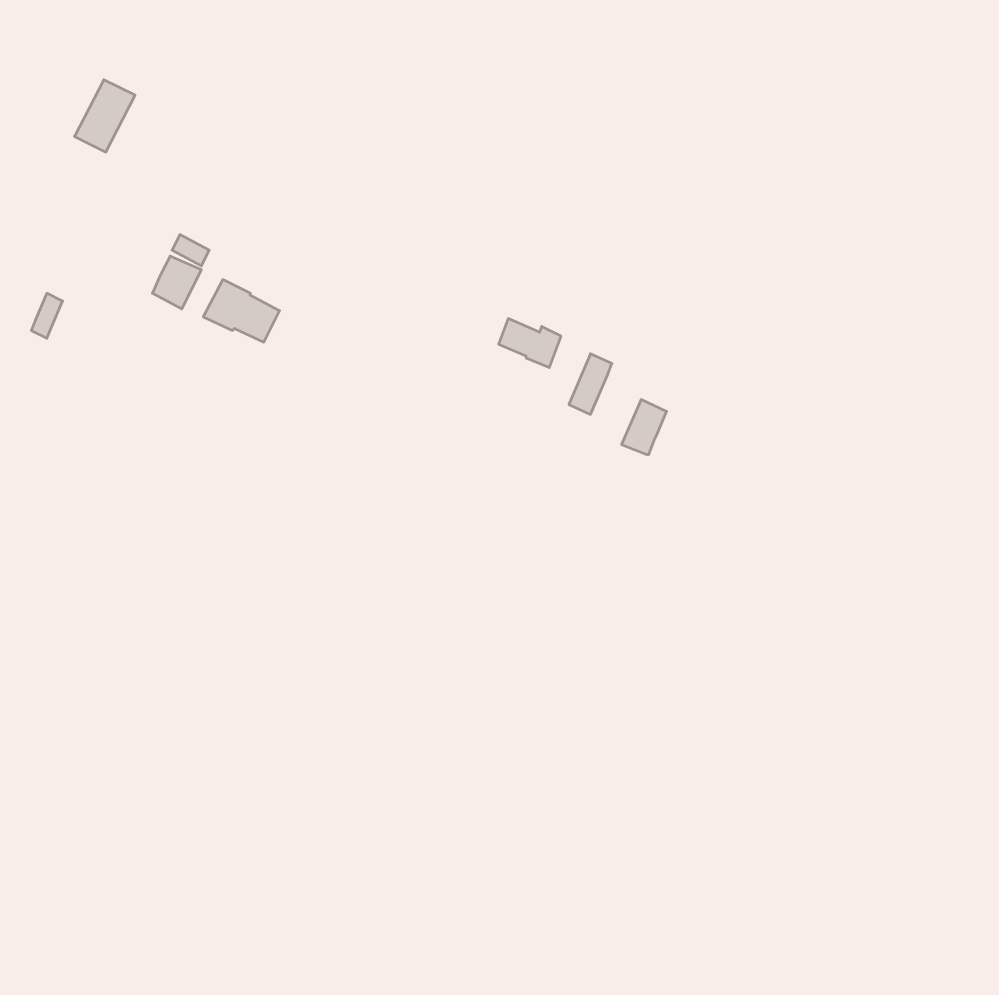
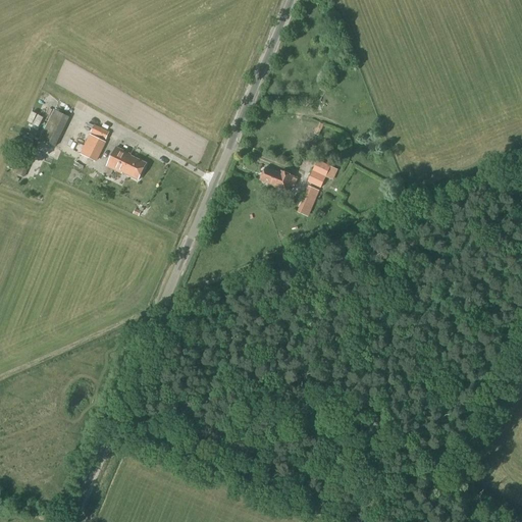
building: [74,80,135,152] -> [39,108,70,146]
building: [622,400,667,454] -> [307,158,330,187]

